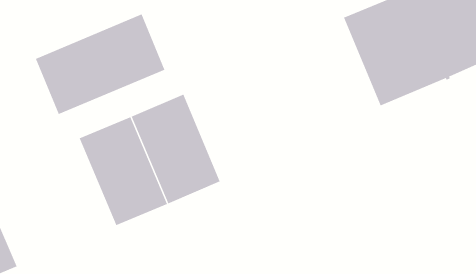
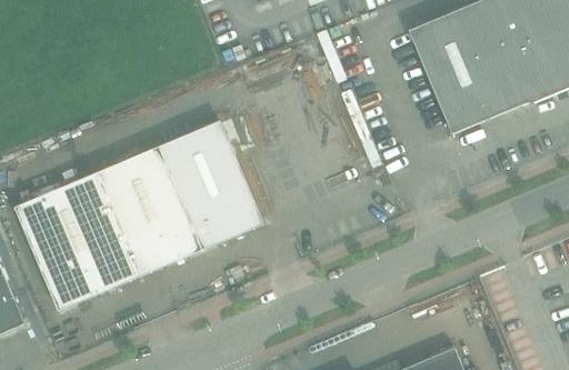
building: [35,14,165,115] -> none
building: none -> [14,171,141,309]

